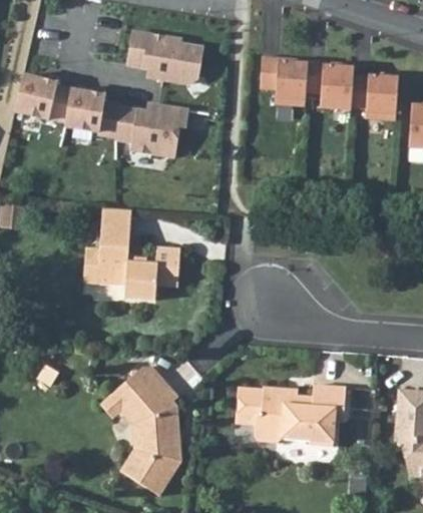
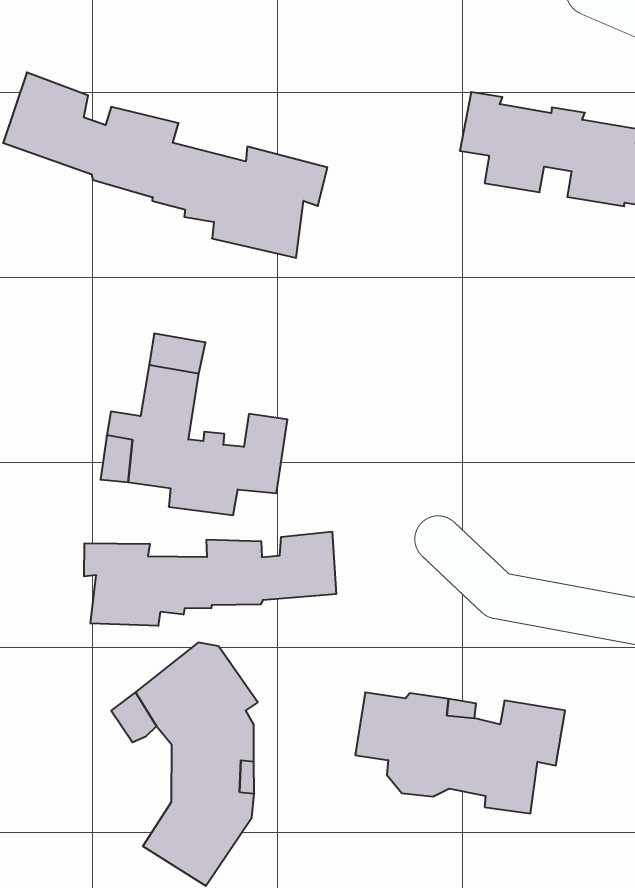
building: [124,28,205,82] -> none
building: none -> [84,532,336,626]

